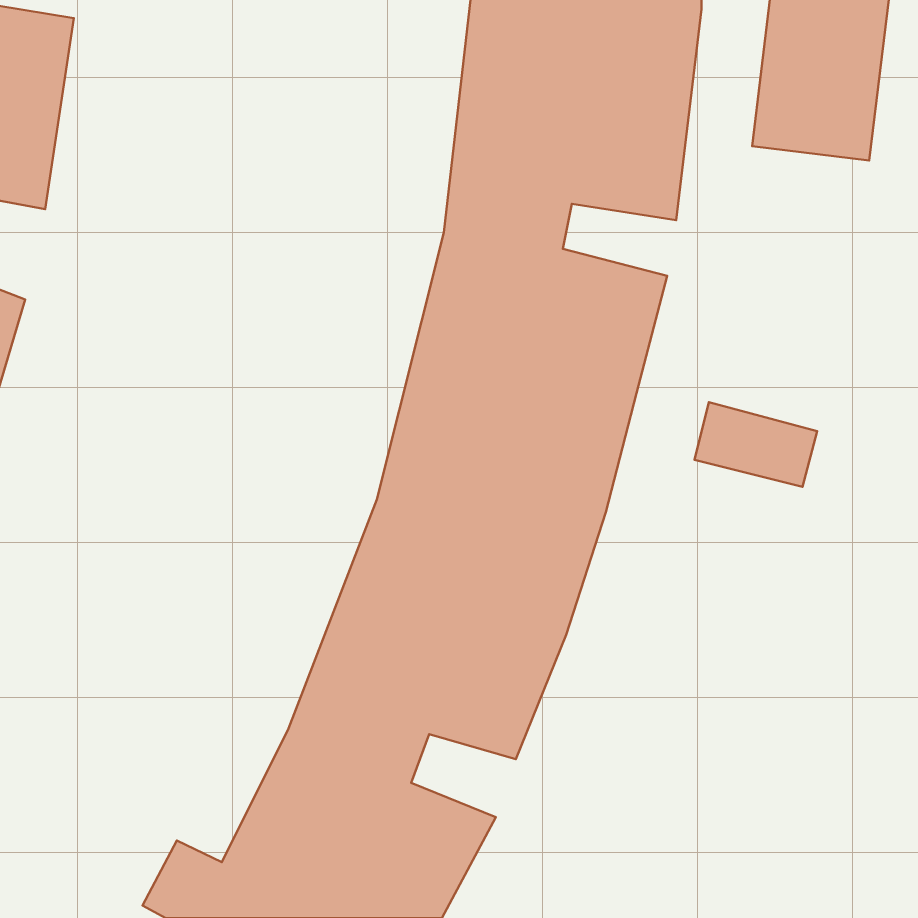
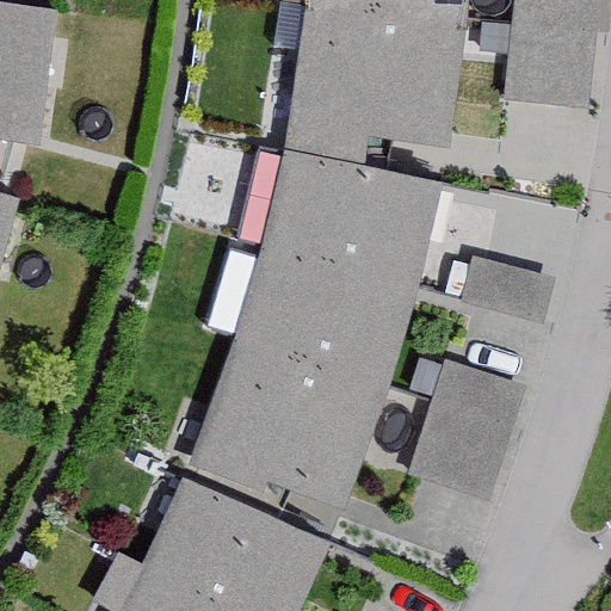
building: none -> [400,368,510,507]

